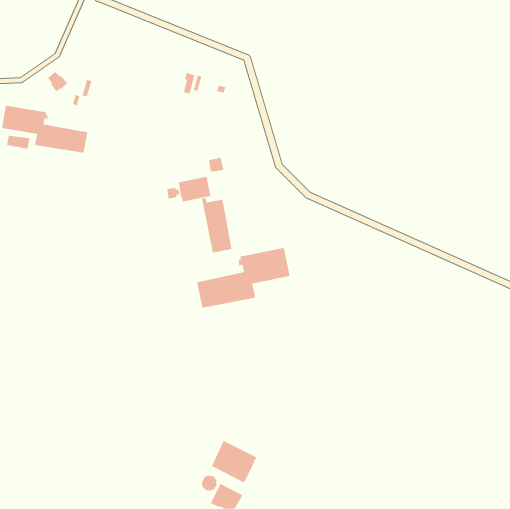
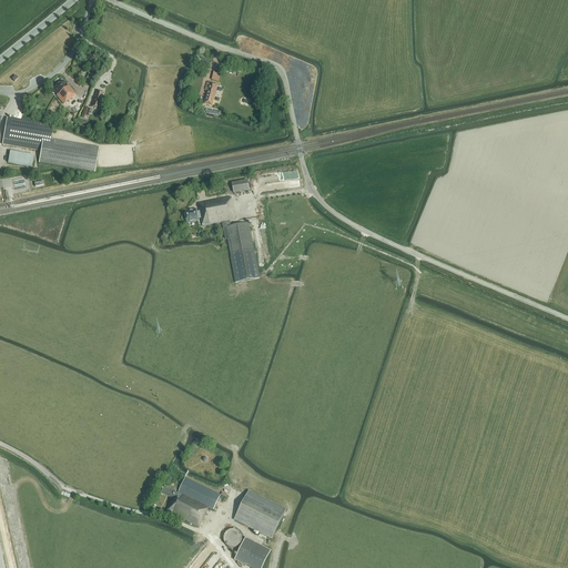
building: [196,247,290,309] -> none
building: none -> [160,476,220,525]

